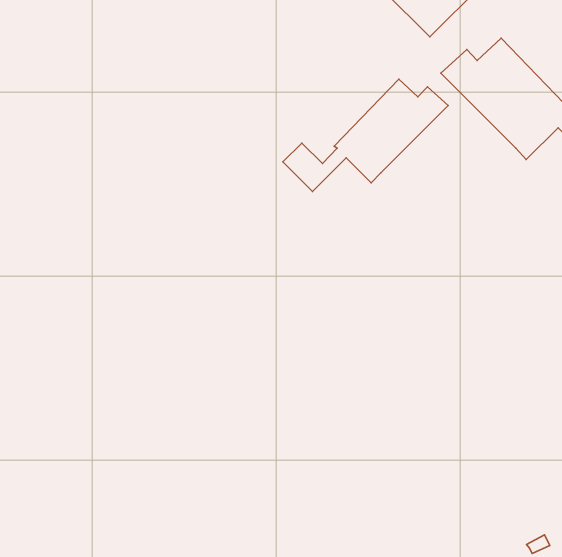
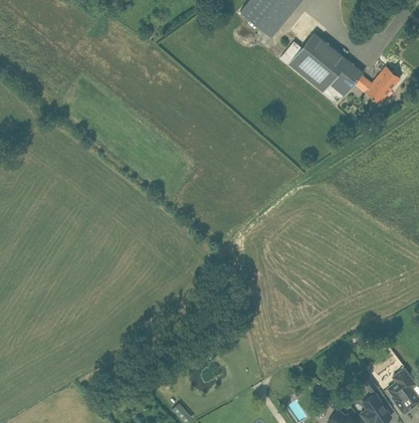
building: [283,79,448,192] -> none

